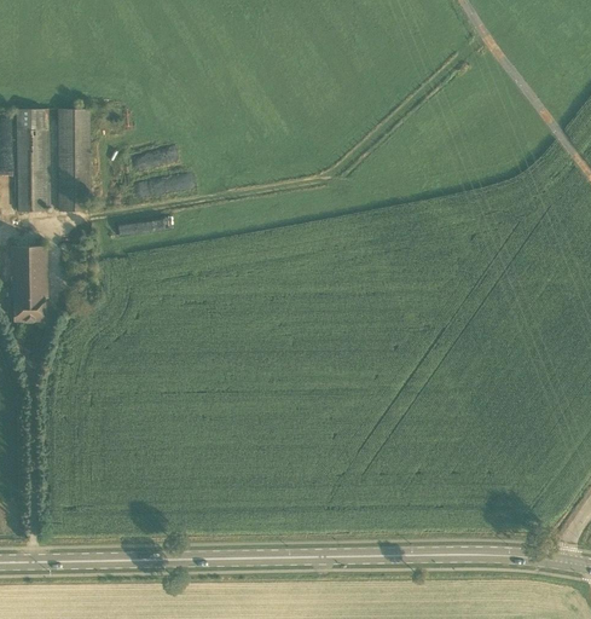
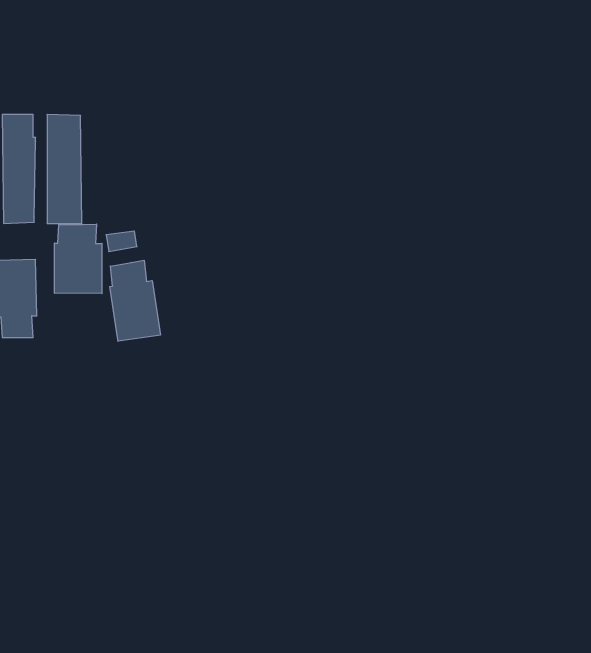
building: none -> [54,224,102,294]
building: none -> [110,260,160,341]

